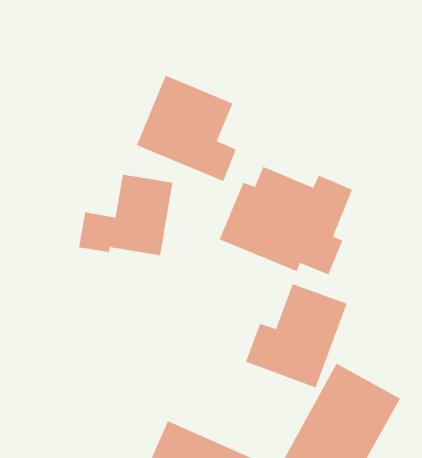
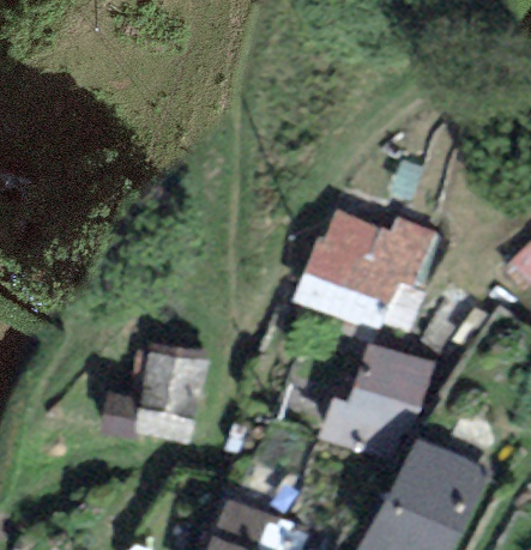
building: [136,75,236,182] -> none
building: [78,174,173,256] -> [98,346,207,440]

